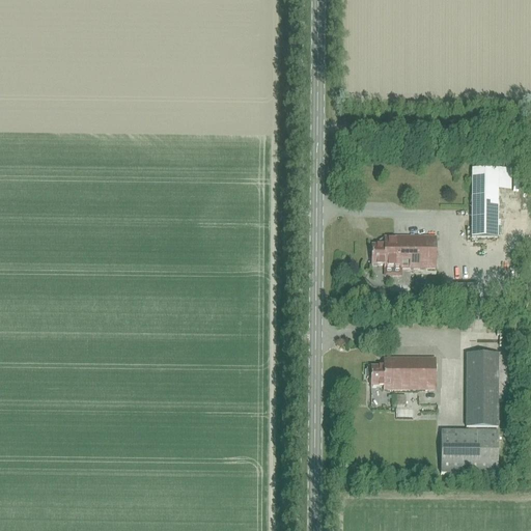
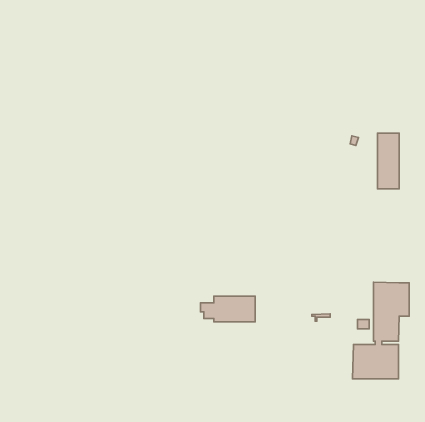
building: [371,234,436,267] -> none
building: [366,356,435,388] -> [200,296,255,322]

